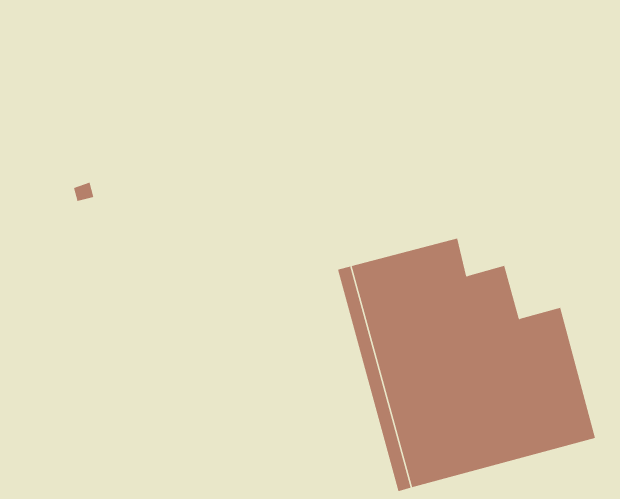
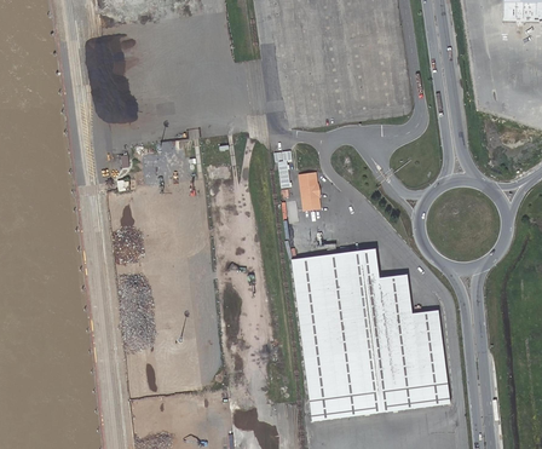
building: none -> [299,174,322,213]

